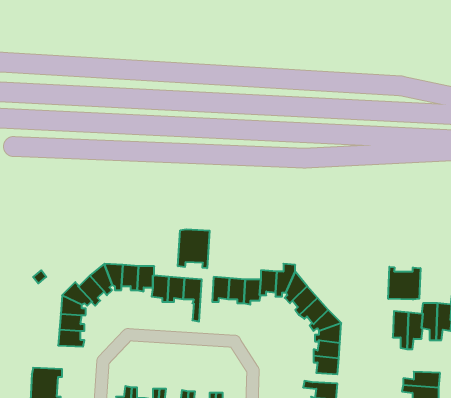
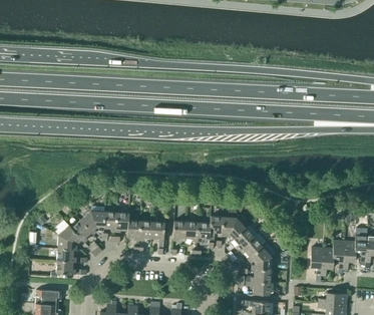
building: [178,229,210,268] -> none
building: [388,267,420,300] -> none

